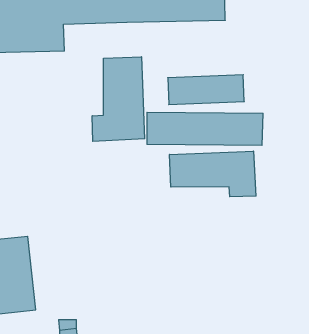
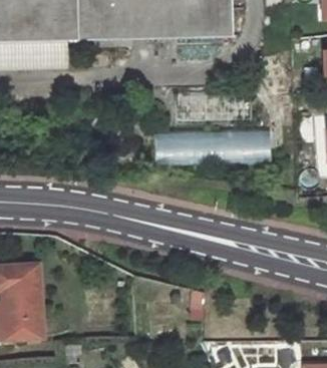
building: [92,57,145,141] -> none
building: [170,151,256,197] -> none

